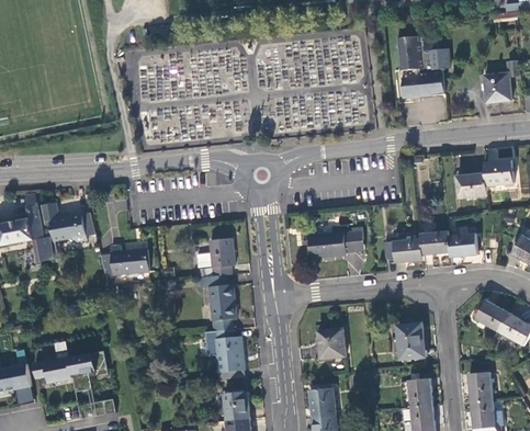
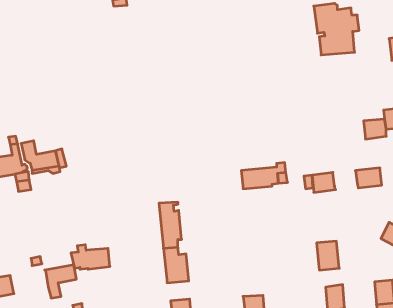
building: [418,230,448,256] -> none
building: [194,240,233,277] -> none
building: [101,245,148,274] -> [71,245,110,269]
building: [318,328,346,359] -> none
building: [35,358,74,383] -> none

